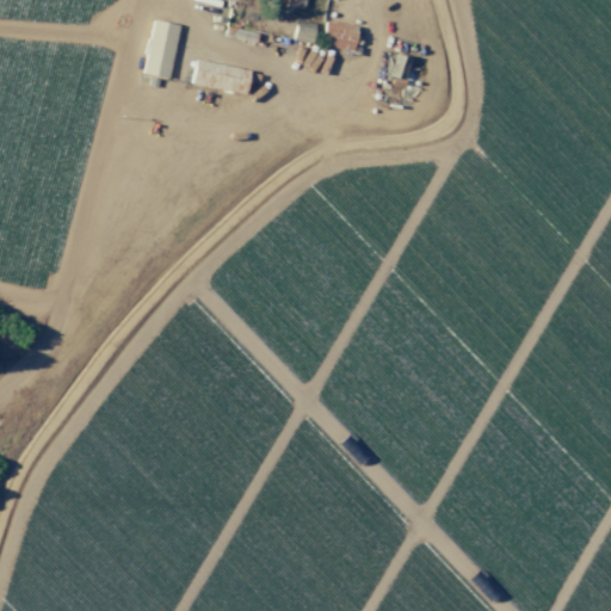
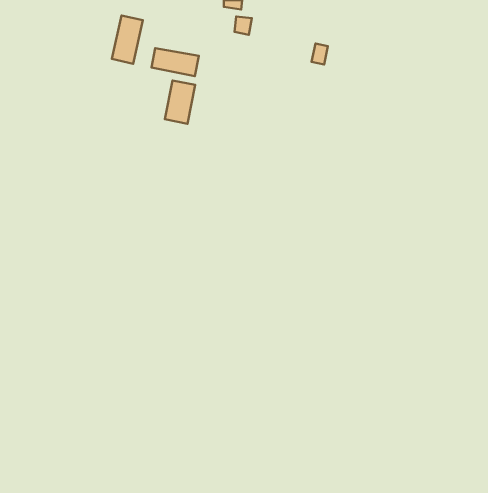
building: [325,21,359,49] -> none
building: none -> [165,80,195,124]

